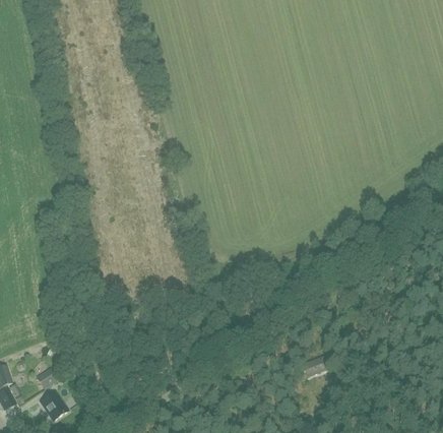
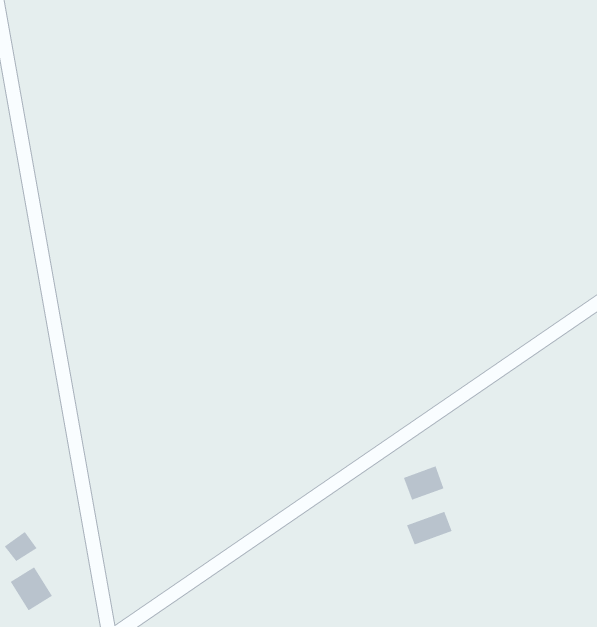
building: none -> [403,466,444,501]

